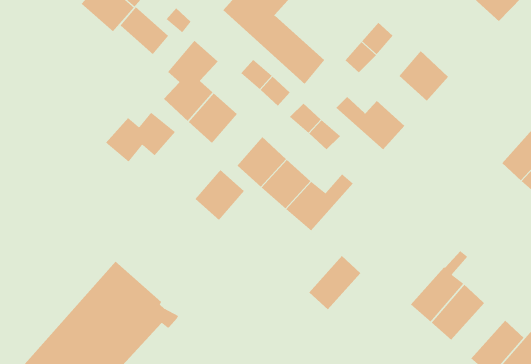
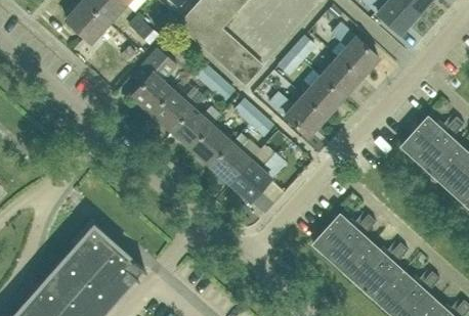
building: [120,7,169,55] -> none
building: none -> [332,22,378,78]
building: none -> [302,72,342,117]
building: [105,112,176,163] -> none
building: [195,169,245,221] -> [171,107,211,148]
building: [308,255,361,310] -> [313,215,355,259]
building: none -> [361,243,407,302]

